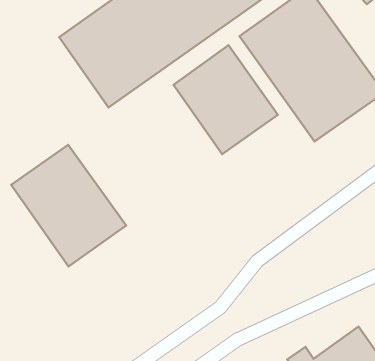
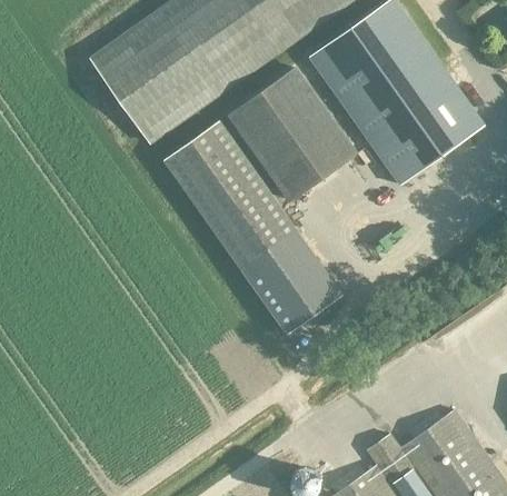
building: none -> [163,120,342,334]
building: [11,145,126,266] -> none

